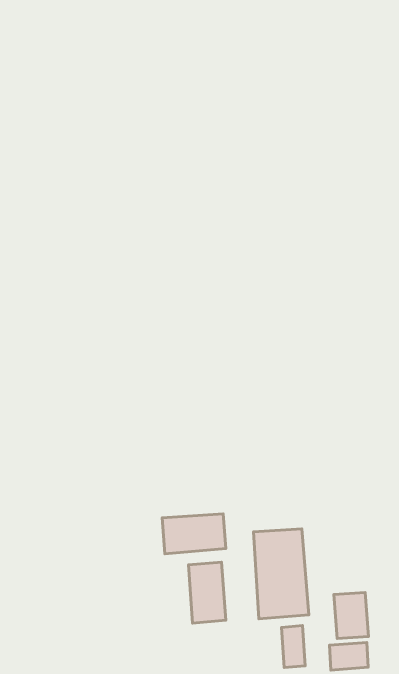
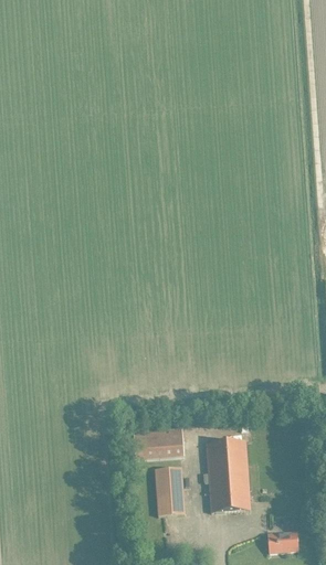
building: [334,592,368,638] -> none
building: [282,626,305,668] -> none

